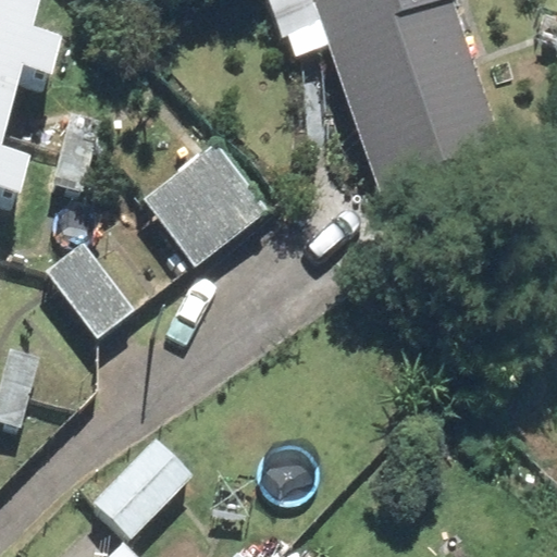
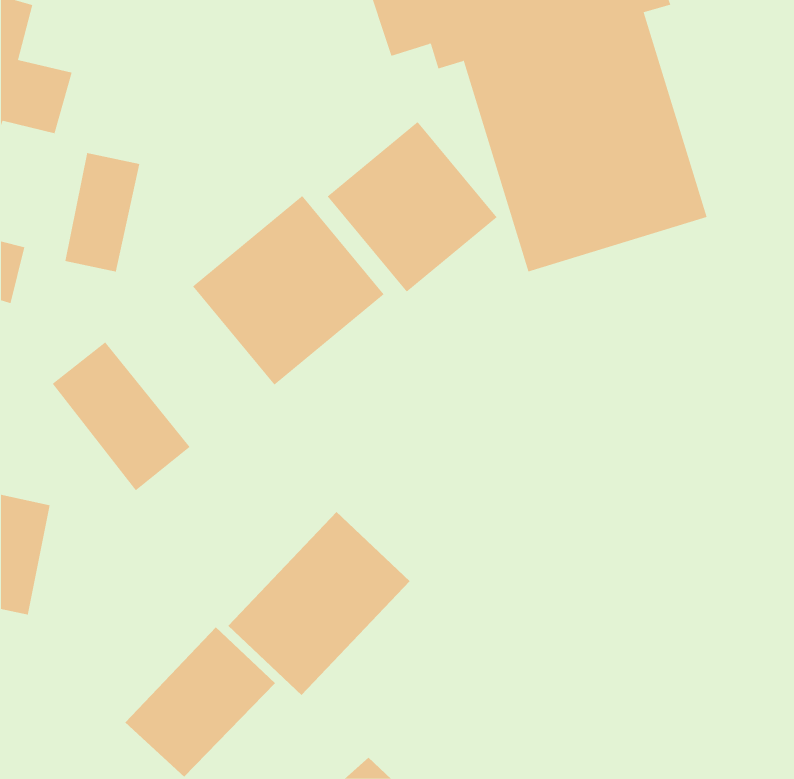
building: none -> [327,121,497,292]
building: none -> [227,511,411,696]

